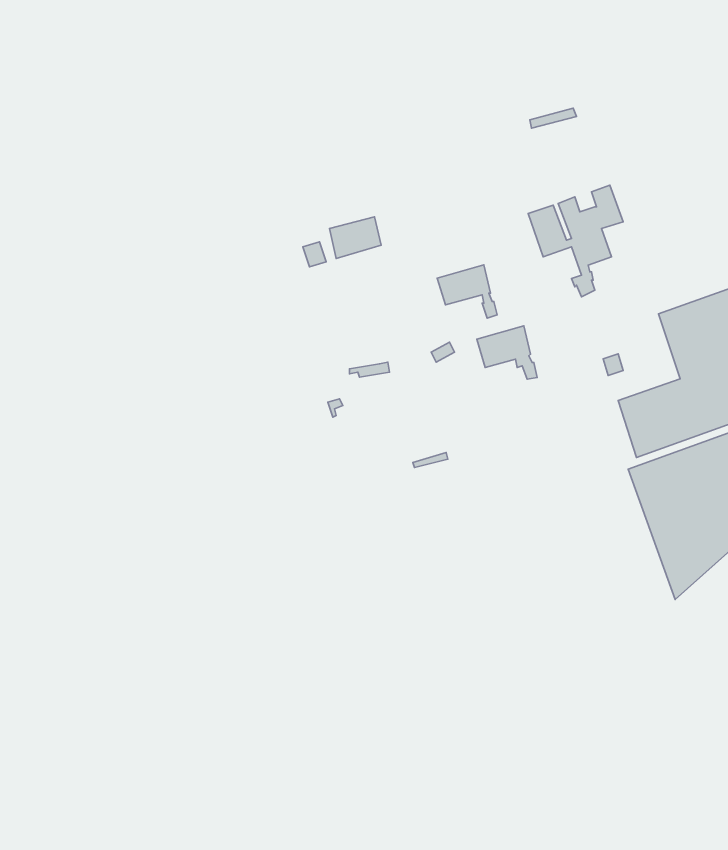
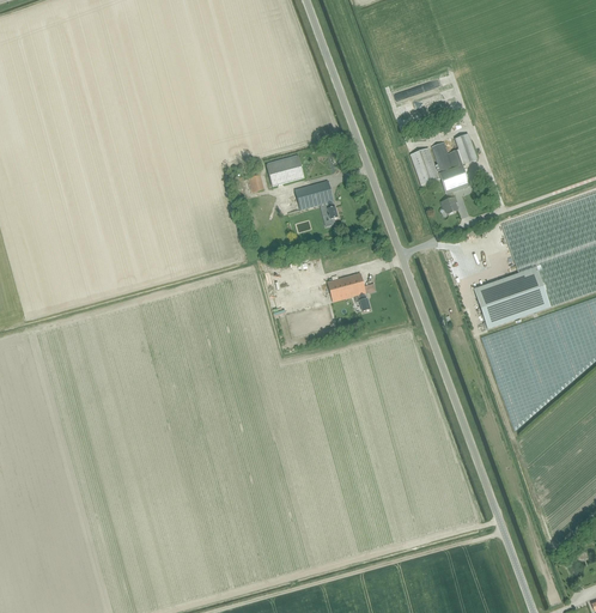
building: [437,265,497,318] -> [294,180,337,218]
building: [477,326,537,379] -> [327,272,370,310]

